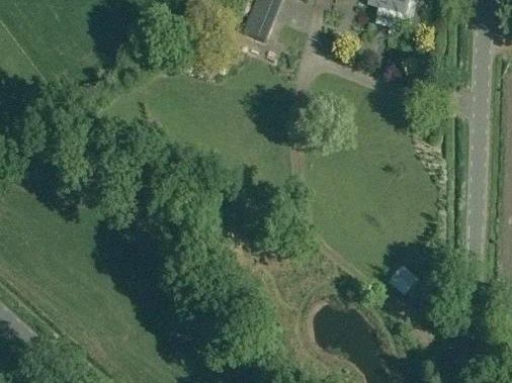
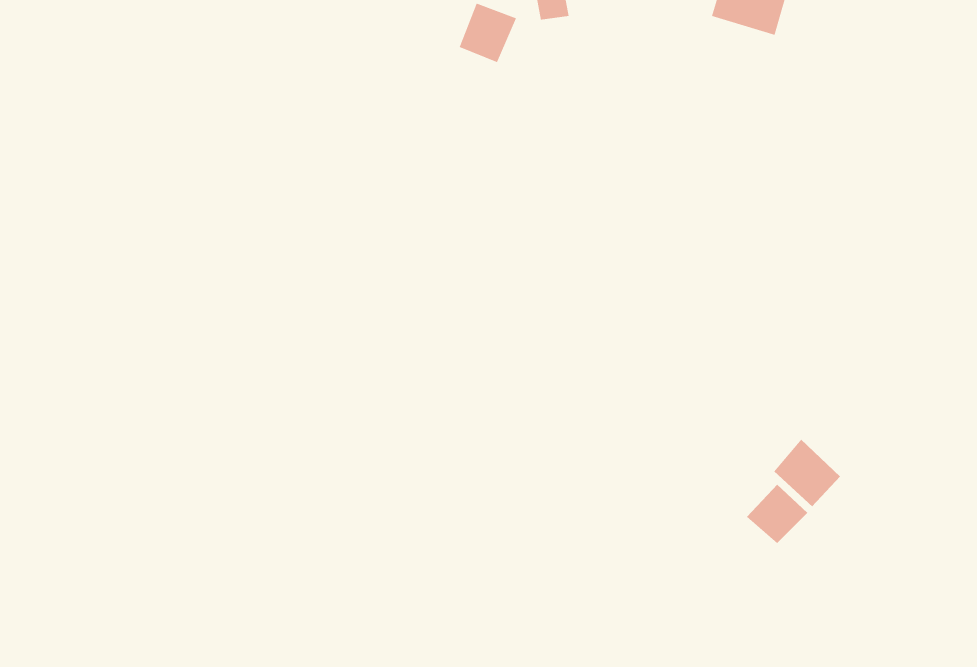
building: none -> [774,439,841,507]

